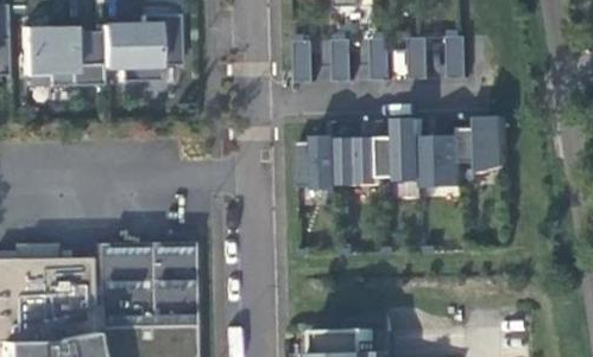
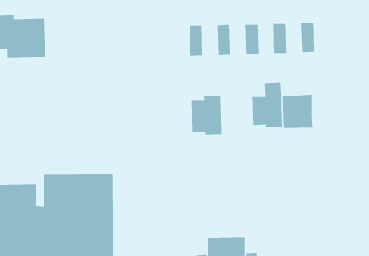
building: [96,14,176,81] -> none
building: [462,117,504,173] -> none
building: [337,138,380,185] -> none

